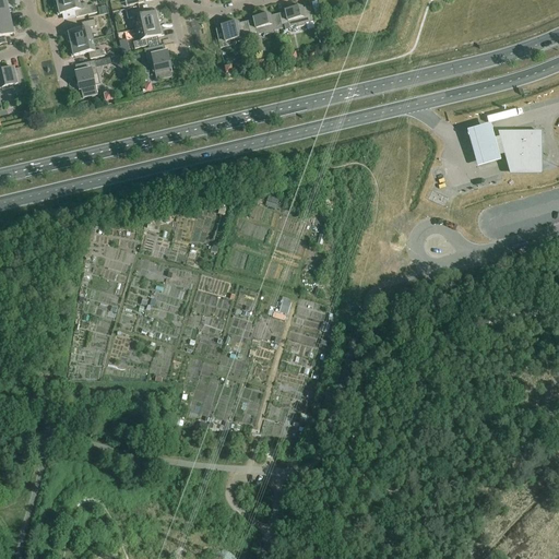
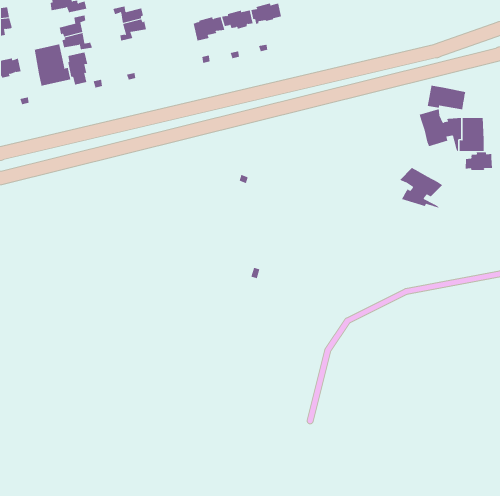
building: [145,43,171,78] -> none
building: none -> [34,44,71,86]
building: none -> [427,85,466,110]
building: none -> [465,152,492,171]
building: none -> [399,167,443,208]

